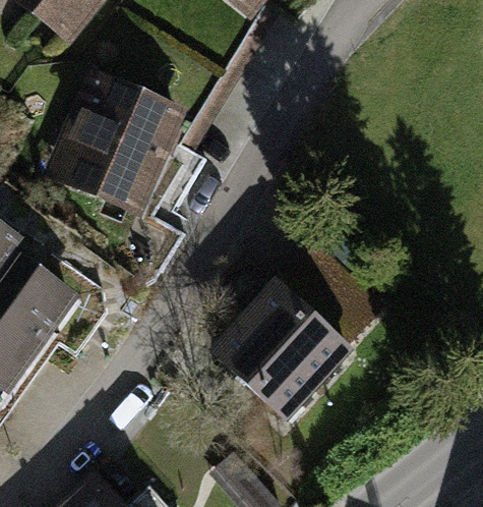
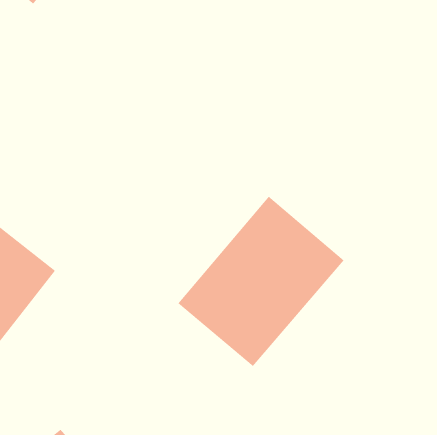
building: [47,67,181,210] -> none

